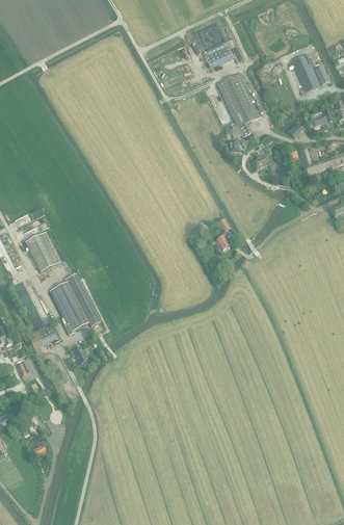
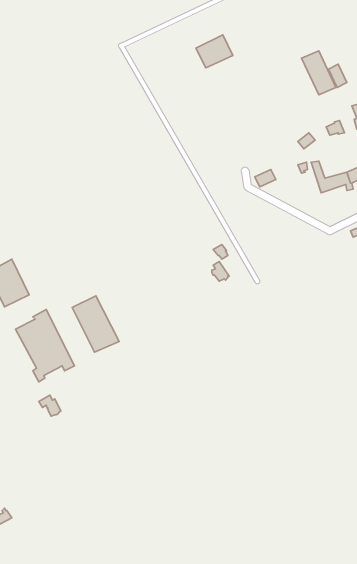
building: [216,73,261,152] -> none
building: none -> [72,296,119,352]

